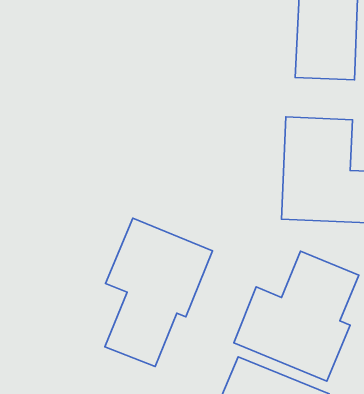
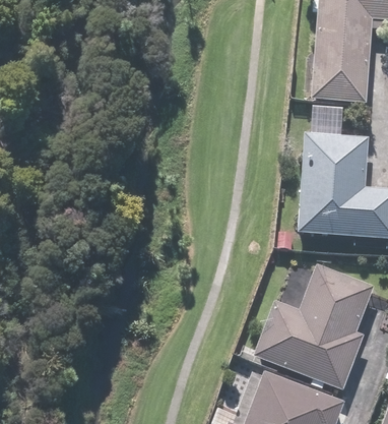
building: [105,218,212,367] -> none

